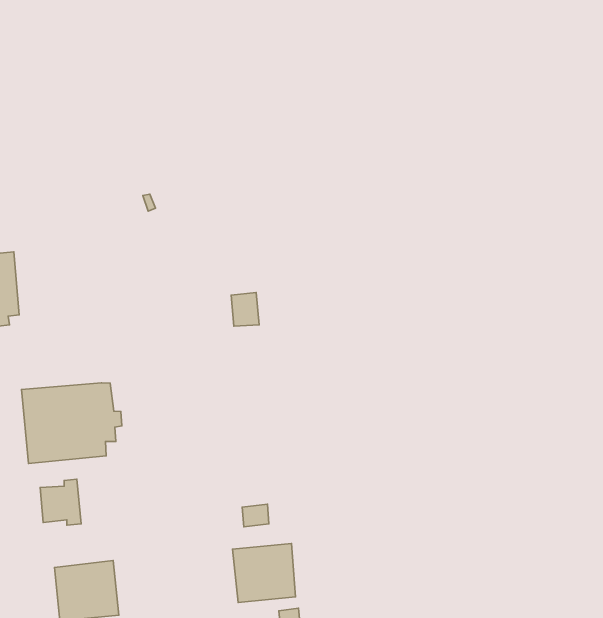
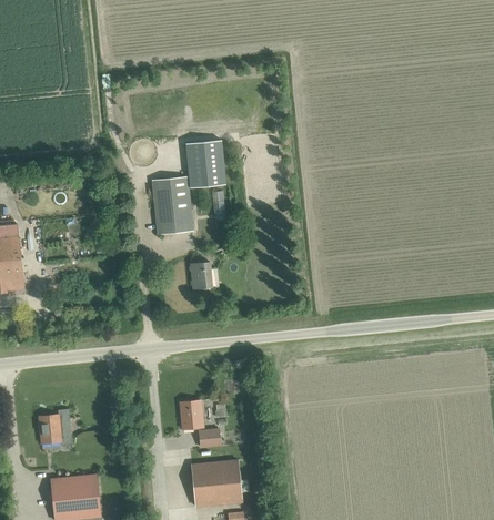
building: none -> [152,140,225,233]
building: [22,383,122,464] -> none
building: none -> [180,400,203,429]

